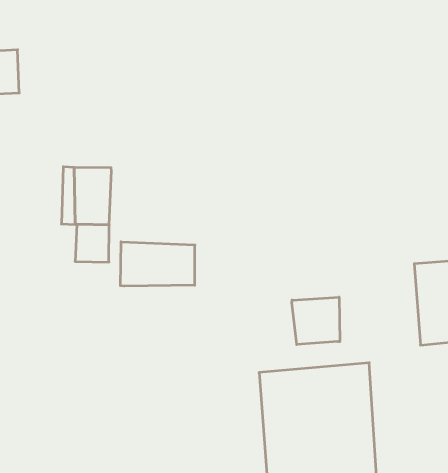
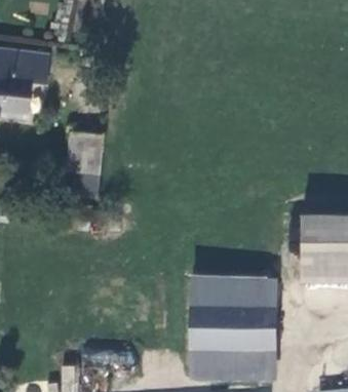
building: [120,242,195,286] -> none
building: [292,297,340,345] -> none

